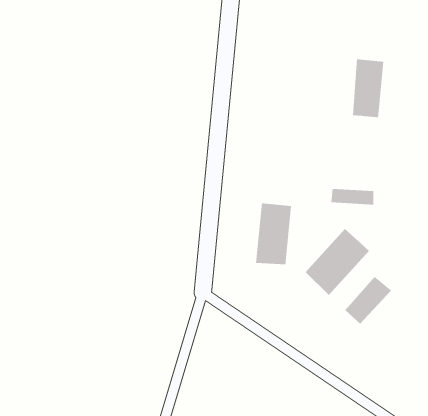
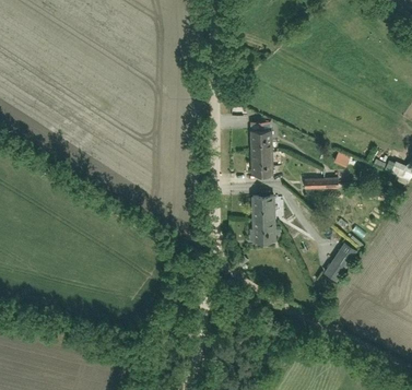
building: [352,59,384,118] -> [250,131,272,175]
building: [305,228,370,296] -> none

